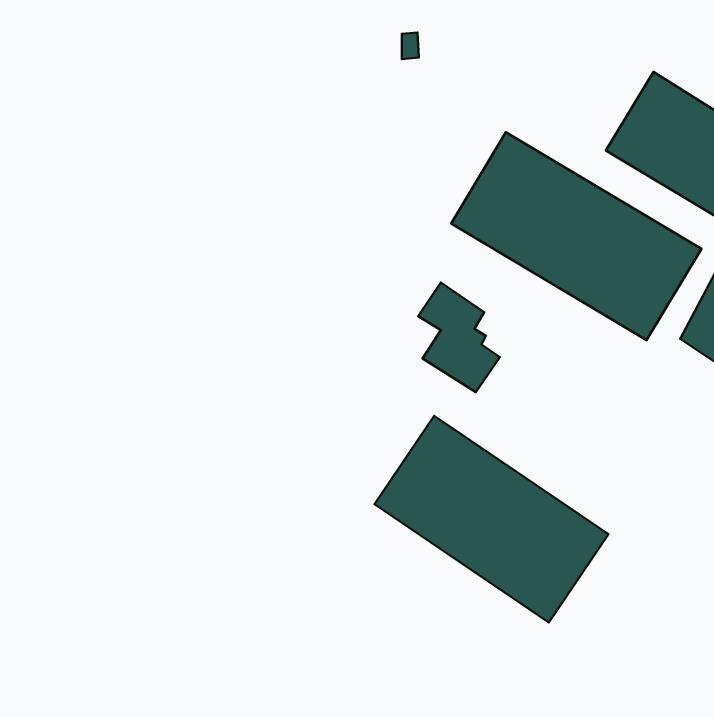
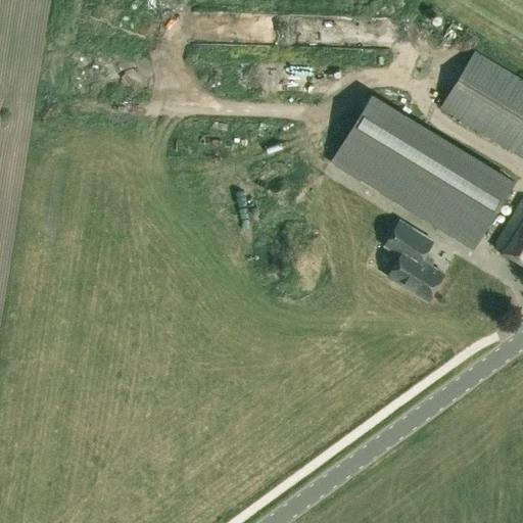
building: [418,282,500,392] -> [389,220,448,299]
building: [374,416,609,622] -> none

